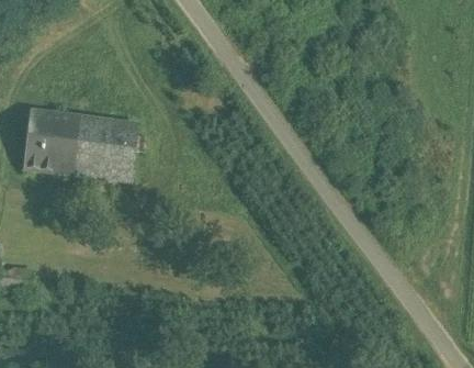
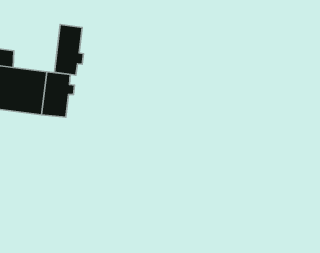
building: none -> [55,25,84,75]

